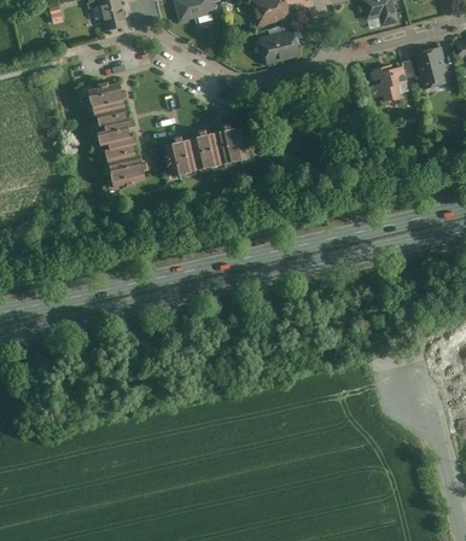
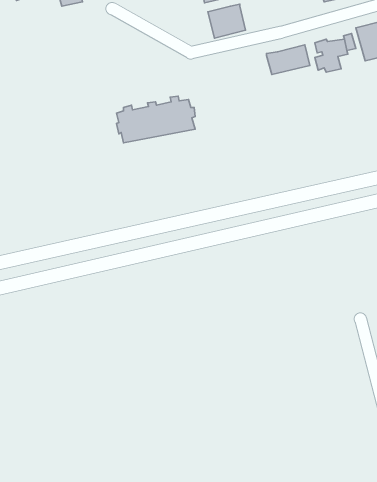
building: none -> [266,45,310,74]
building: [87,80,145,188] -> none

